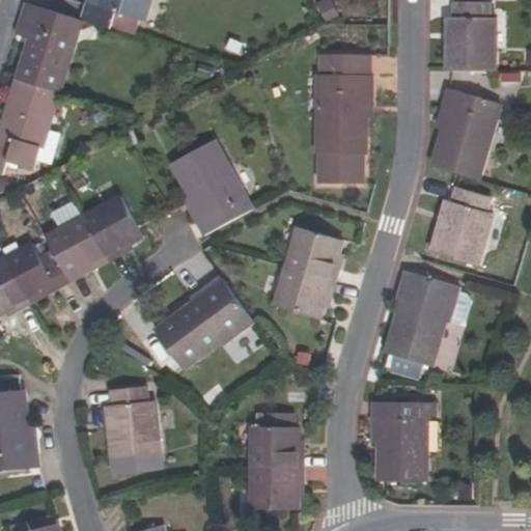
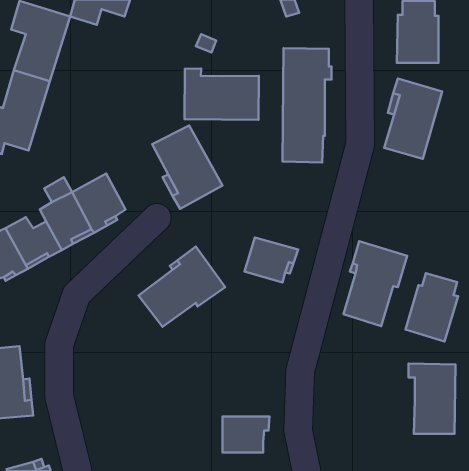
building: none -> [184,69,259,120]
building: [431,187,491,263] -> [406,273,458,341]
building: [286,227,339,280] -> none
building: [106,386,160,474] -> none
building: [371,401,424,480] -> [408,364,456,434]
building: [250,412,303,468] -> none

